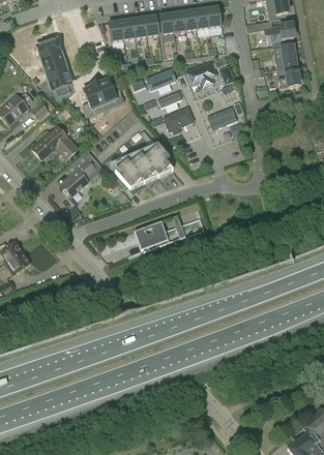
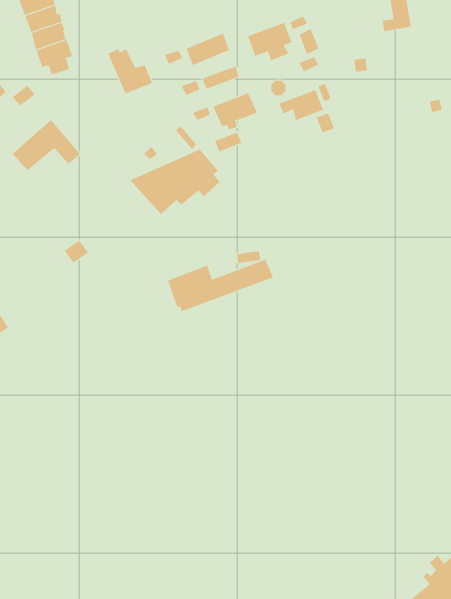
building: [276,64,298,87] -> none
building: [82,82,106,117] -> none
building: [60,156,99,196] -> none

